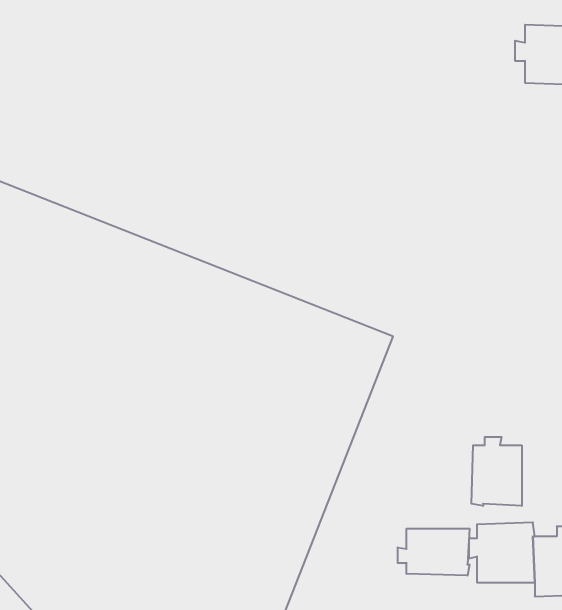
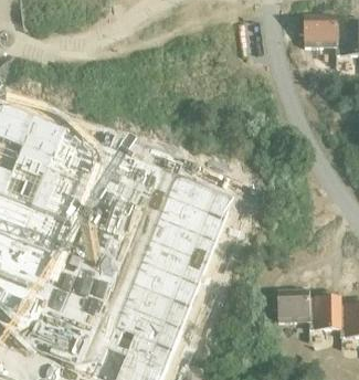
building: [471,437,522,506] -> none
building: [398,529,470,576] -> none

